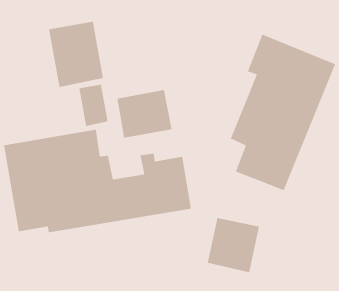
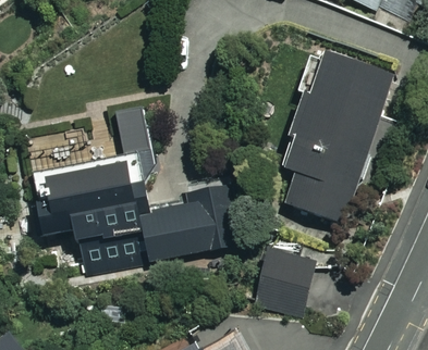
building: [48,21,104,88] -> none
building: [116,89,173,139] -> none

